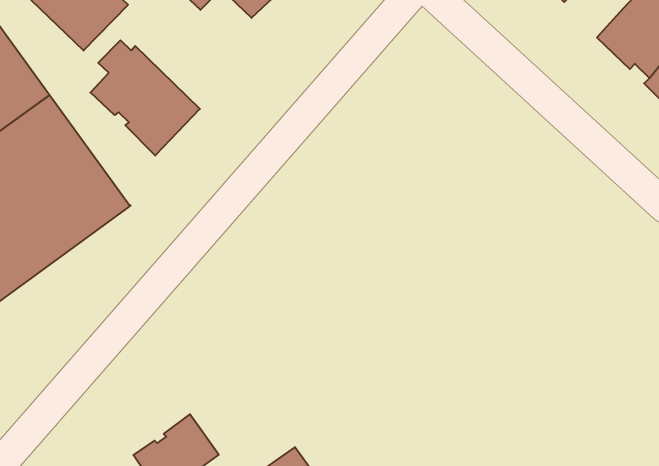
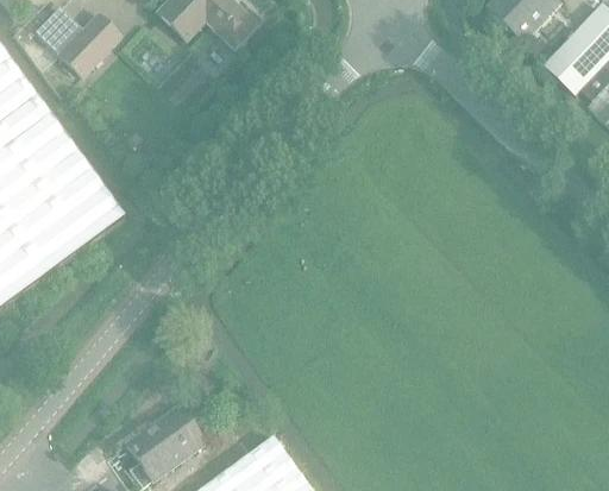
building: [90,40,200,156] -> none

